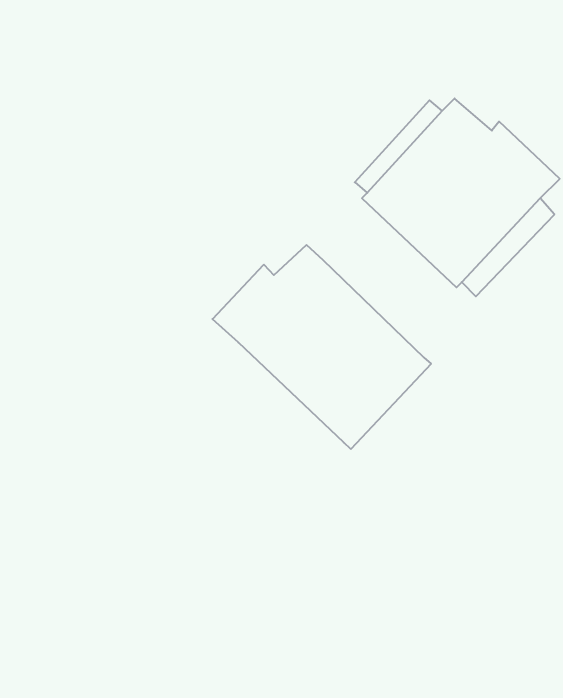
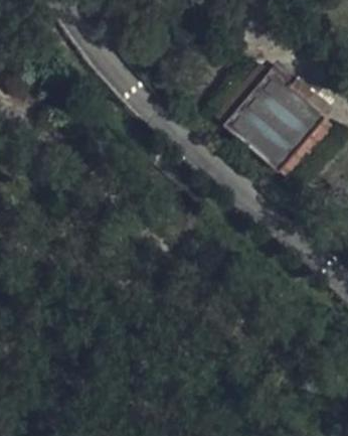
building: [212,245,431,449] -> none

